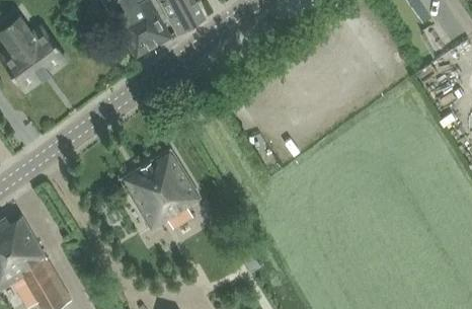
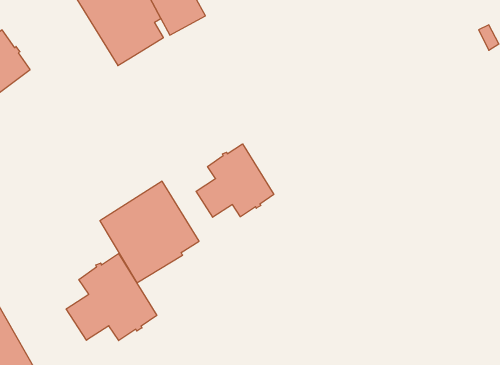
building: none -> [196,144,274,217]
building: none -> [66,254,157,341]

